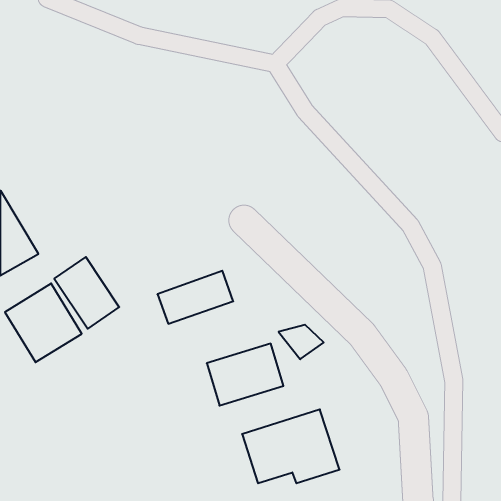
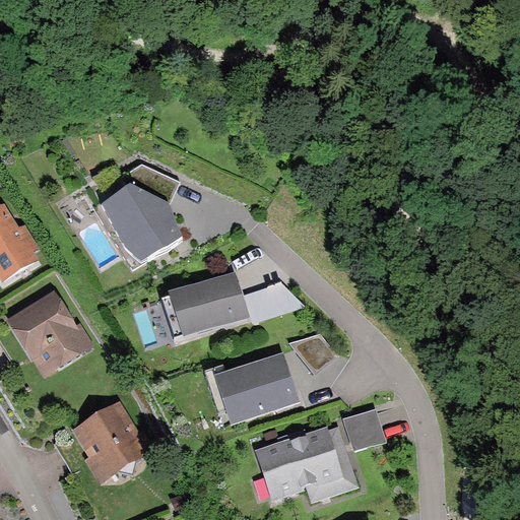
building: [54,257,119,329] -> [108,188,175,262]
building: none -> [246,283,298,318]
building: none -> [69,401,148,480]
building: none -> [343,411,384,450]

